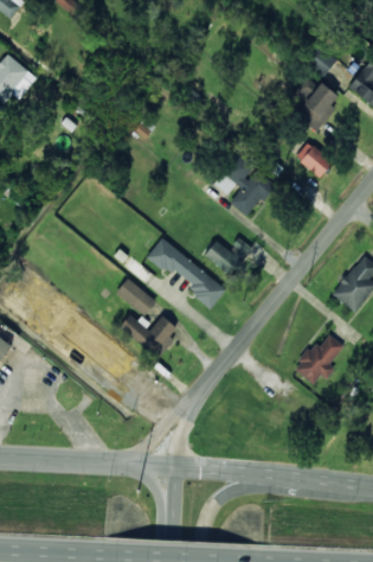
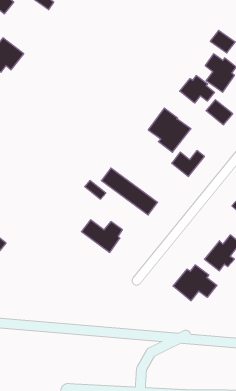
building: none -> [180,76,214,103]
building: [204,238,250,275] -> [172,151,204,176]
building: [116,279,156,317] -> none
building: none -> [173,265,217,301]

